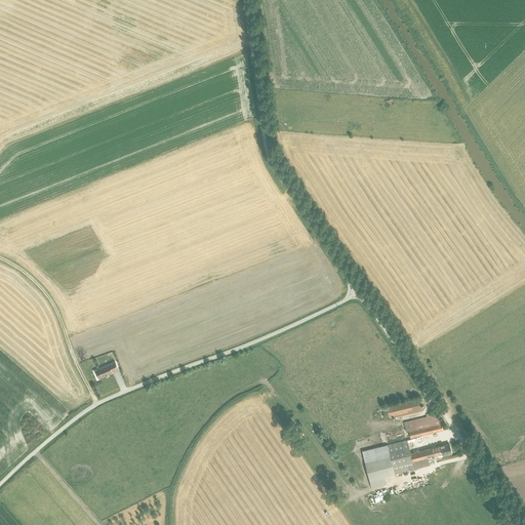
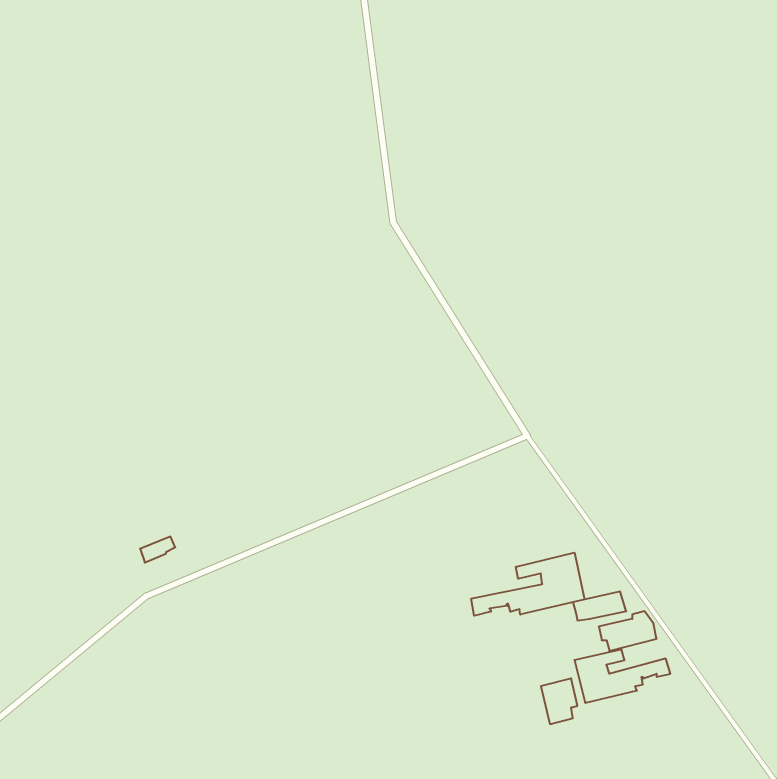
building: none -> [471,553,585,616]
building: [361,444,394,475] -> none

